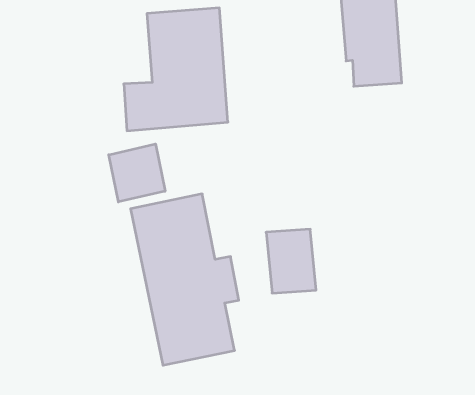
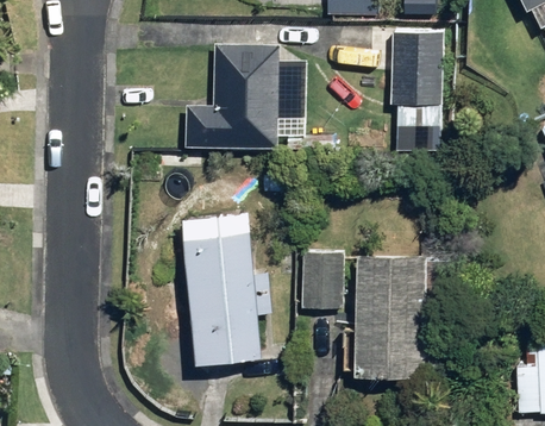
building: [109,144,165,202] -> none
building: none -> [355,256,426,377]

